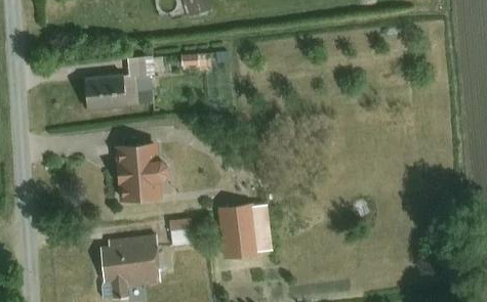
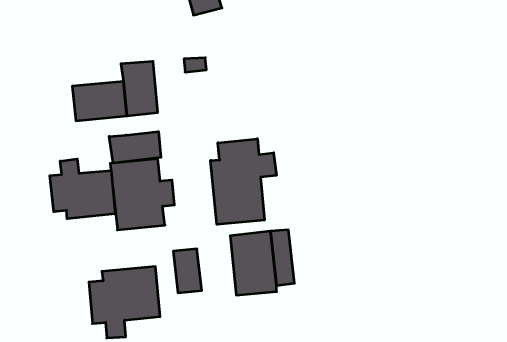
building: none -> [109,132,161,163]
building: none -> [211,139,276,224]
building: none -> [50,159,115,219]

